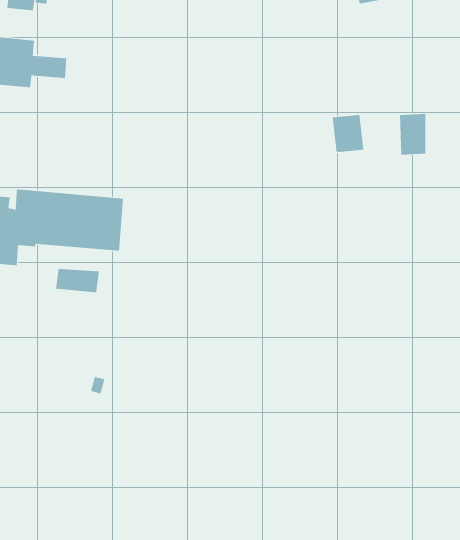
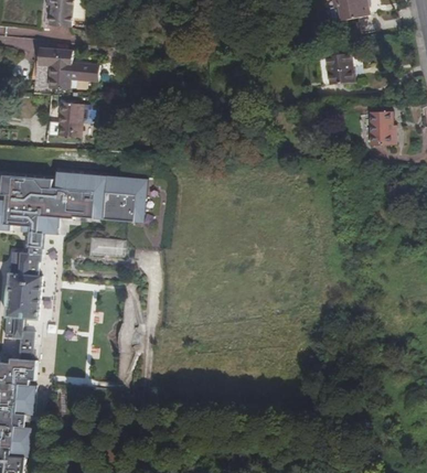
building: none -> [58,103,83,136]
building: [332,115,364,152] -> [327,53,353,84]

